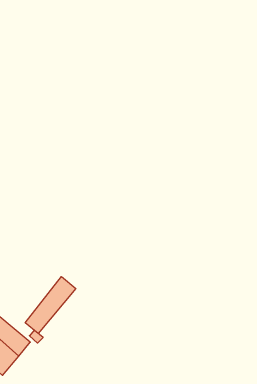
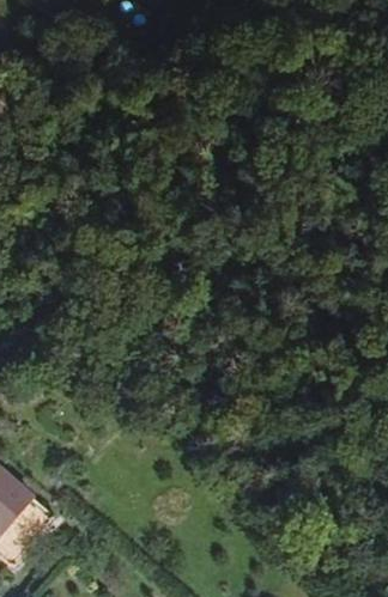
building: [25,277,76,333] -> none

